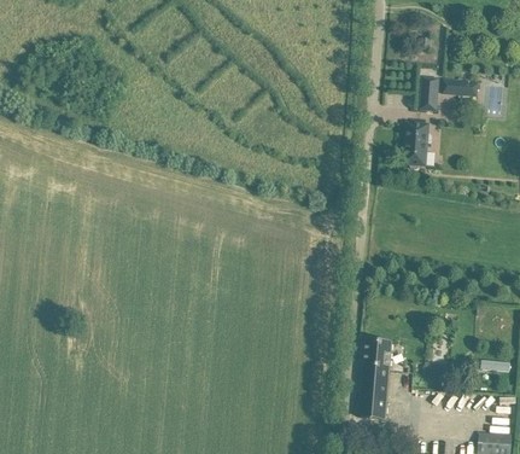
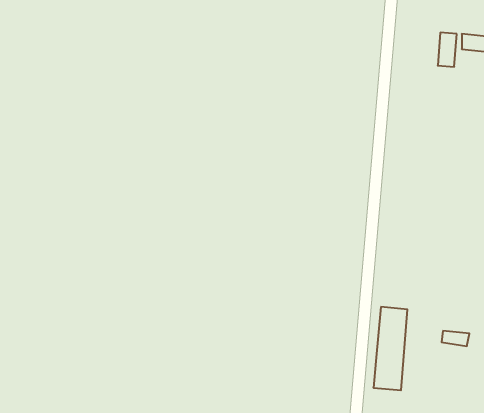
building: [407,122,434,169] -> none

